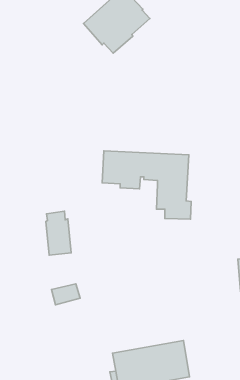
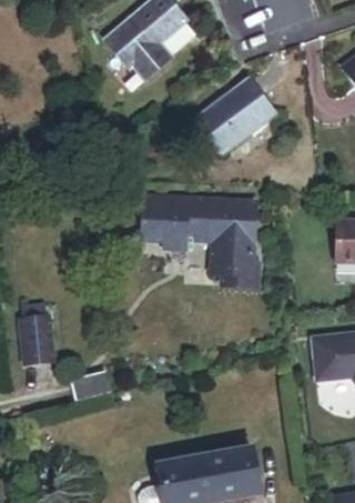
building: none -> [202,72,281,147]
building: [46,211,71,255] -> [22,309,55,366]

